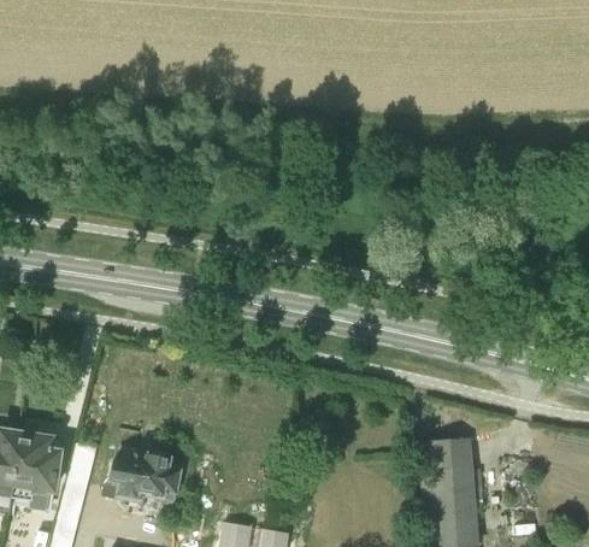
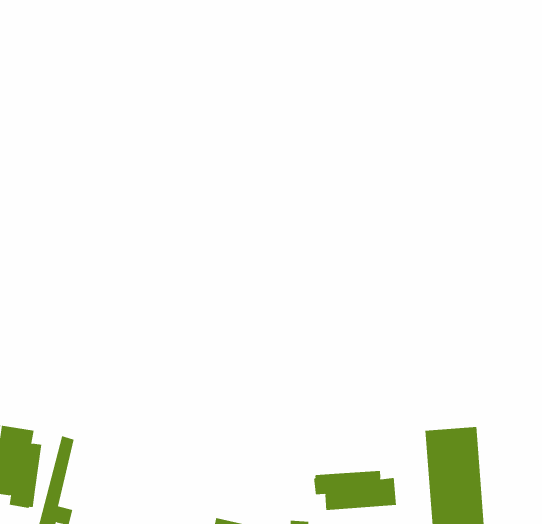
building: [111,448,182,502] -> none
building: none -> [314,470,396,511]

